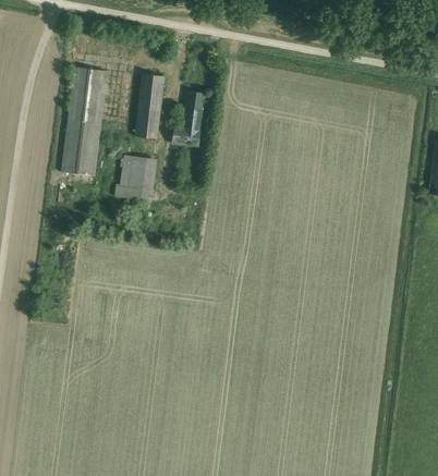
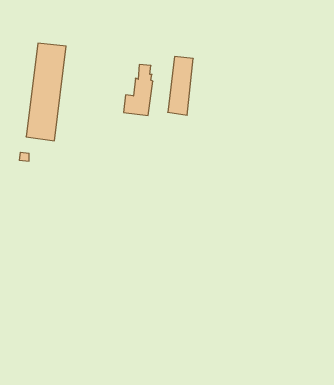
building: [135,73,163,138] -> [168,57,193,115]
building: [113,154,157,200] -> none

